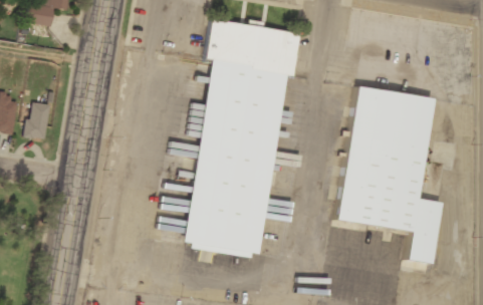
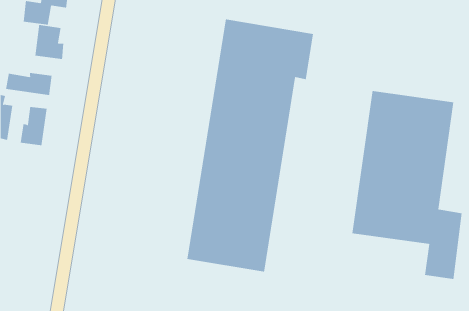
building: none -> [35,24,64,60]
building: none -> [6,72,52,96]

